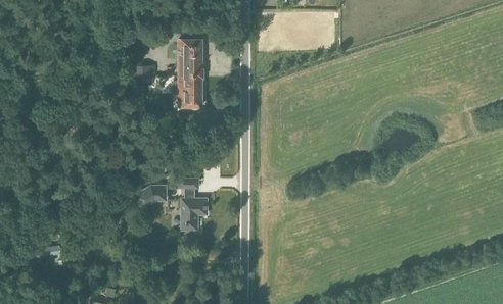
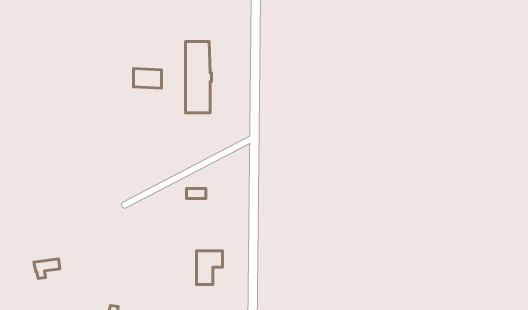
building: [135,186,166,208] -> none
building: [182,199,207,231] -> [197,251,223,285]

